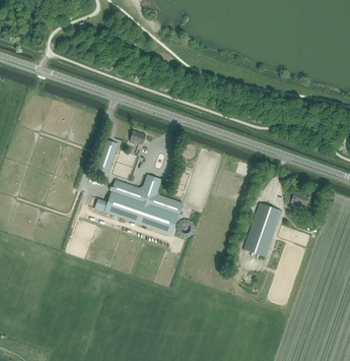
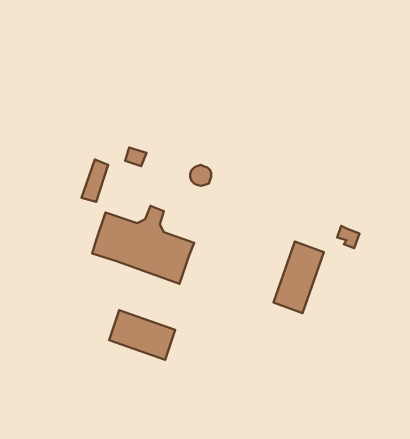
building: none -> [109,310,175,360]

